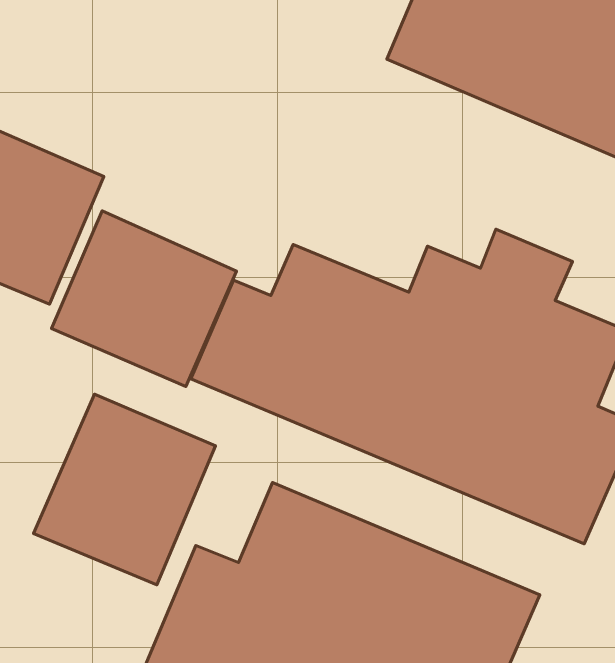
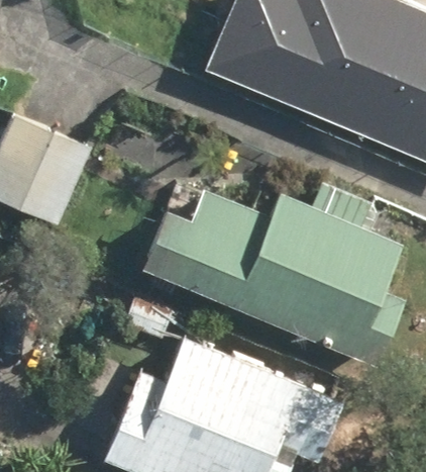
building: [51,211,237,387] -> none
building: [34,394,215,585] -> none

